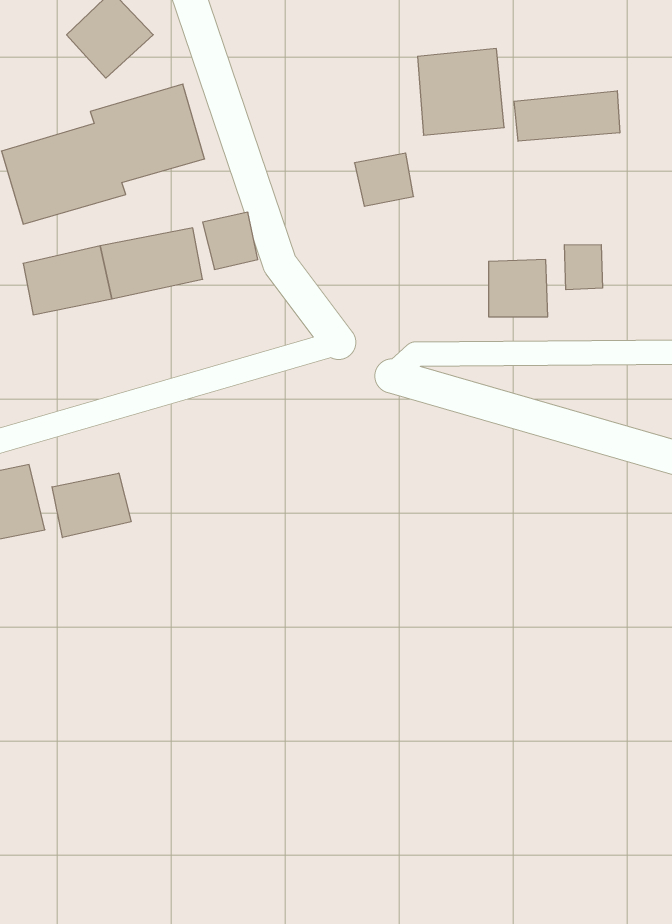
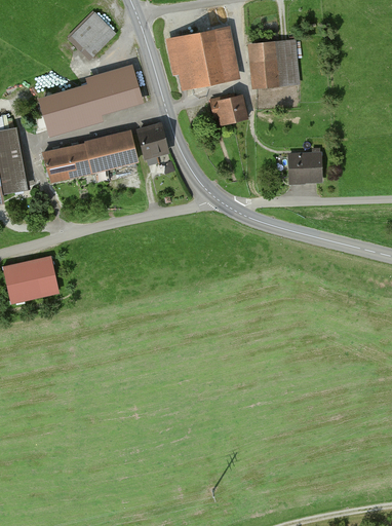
building: none -> [167,29,238,87]
building: [514,91,620,141] -> none
building: [564,245,602,290] -> none
building: [52,473,131,538] -> none

